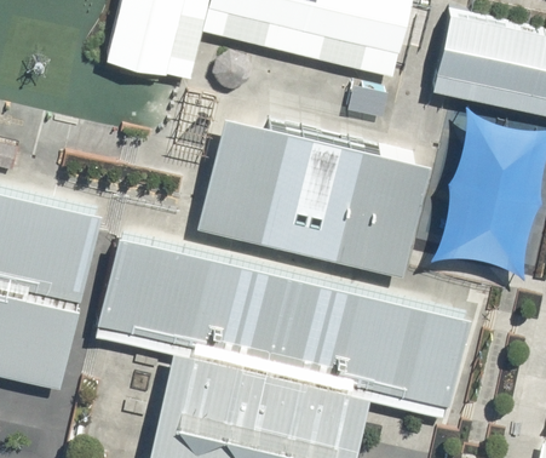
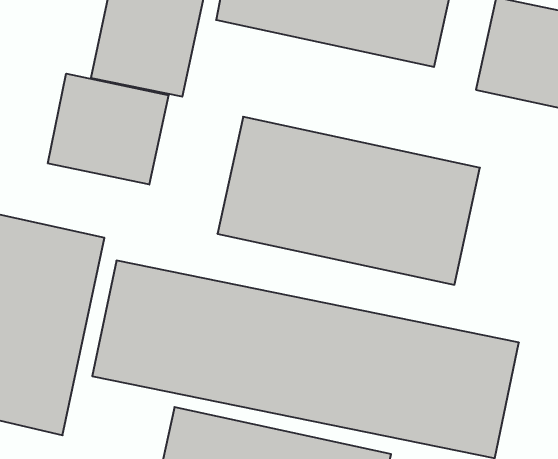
building: none -> [48,74,169,185]

